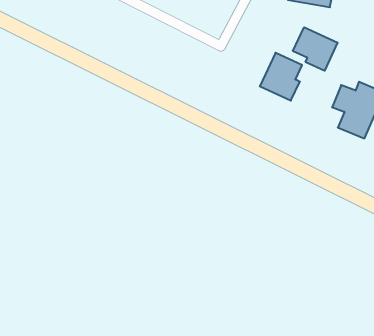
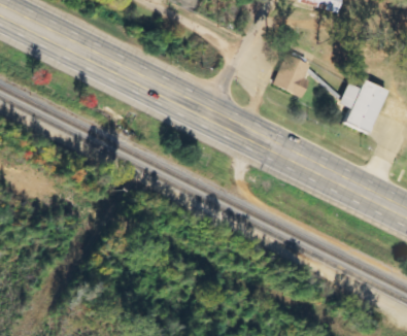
building: [293,27,338,71] -> none

